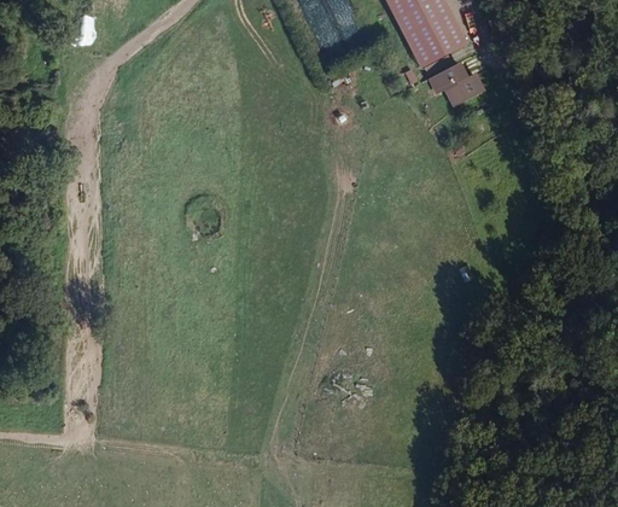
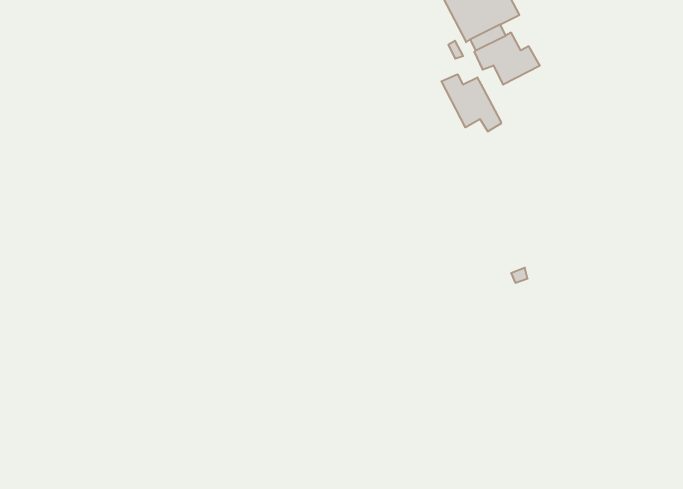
building: none -> [441,74,501,132]

